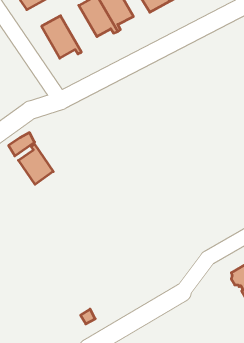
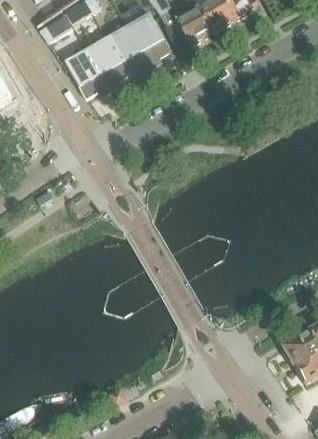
building: none -> [87,37,129,91]
building: [18,144,53,184] -> none

